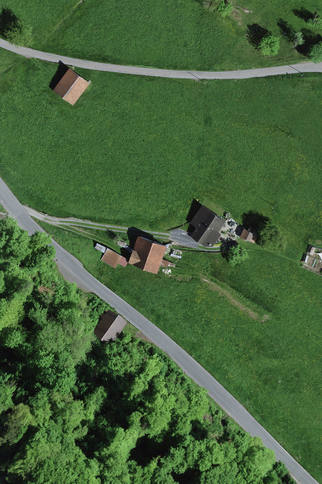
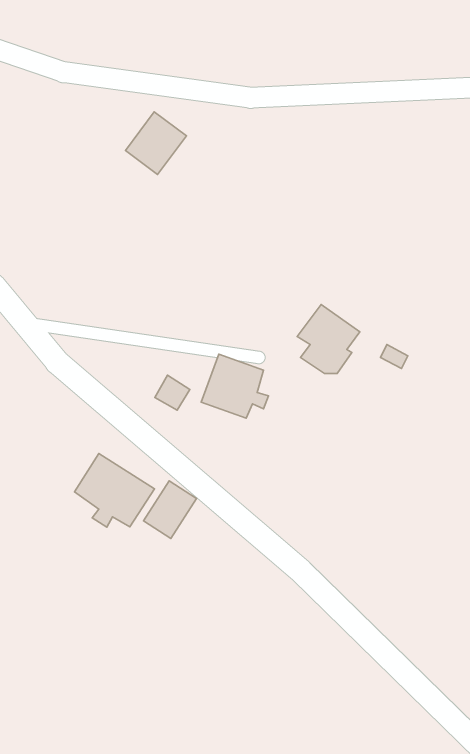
building: [52,66,90,105] -> [125,112,186,174]
building: none -> [74,454,154,527]

